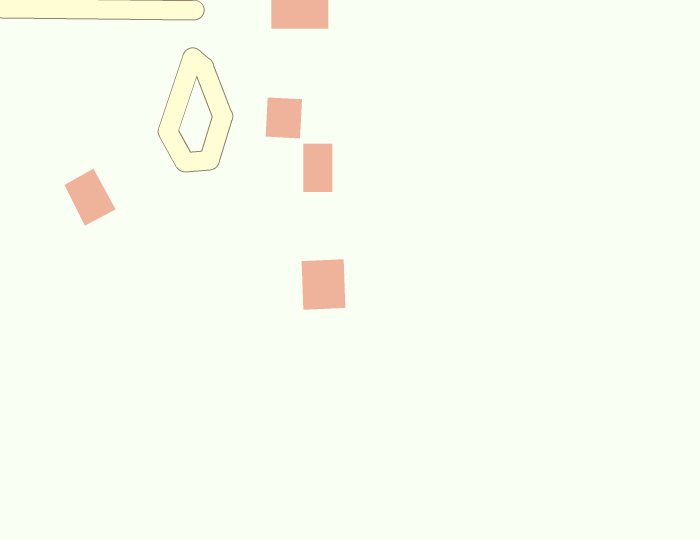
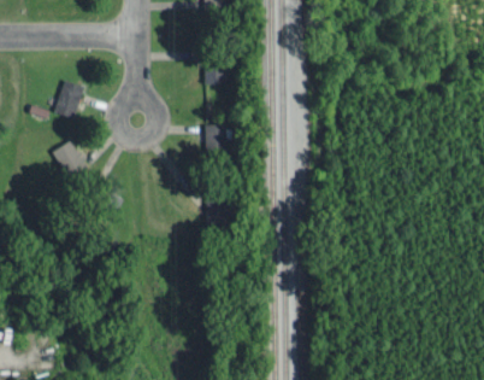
building: none -> [53,81,84,119]
building: [265,97,303,139] -> [203,59,228,86]

